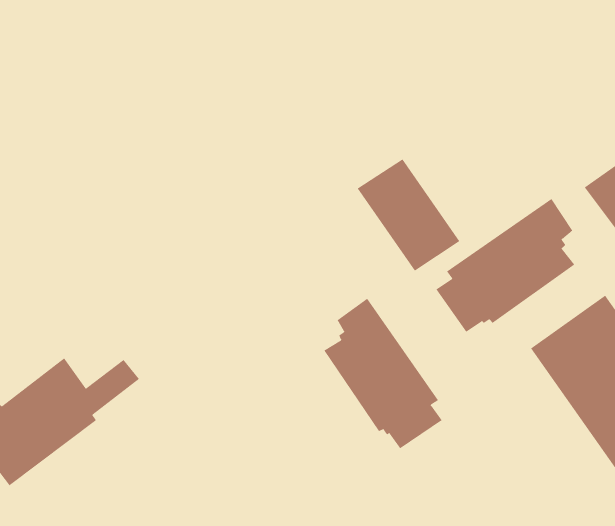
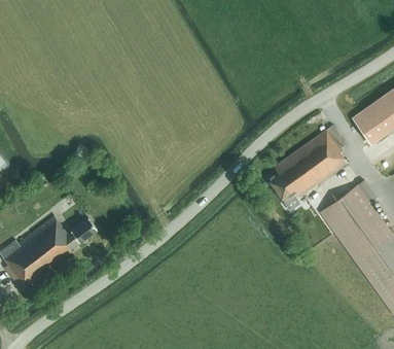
building: [357,158,460,271] -> none
building: [324,298,443,449] -> none

